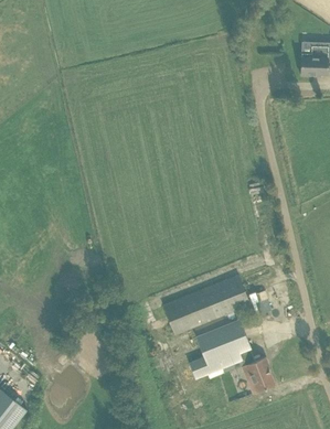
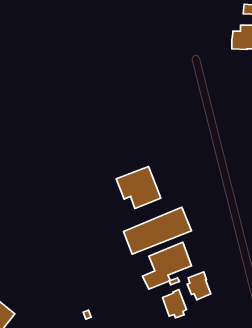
building: none -> [116,167,161,208]
building: none -> [163,289,187,318]

